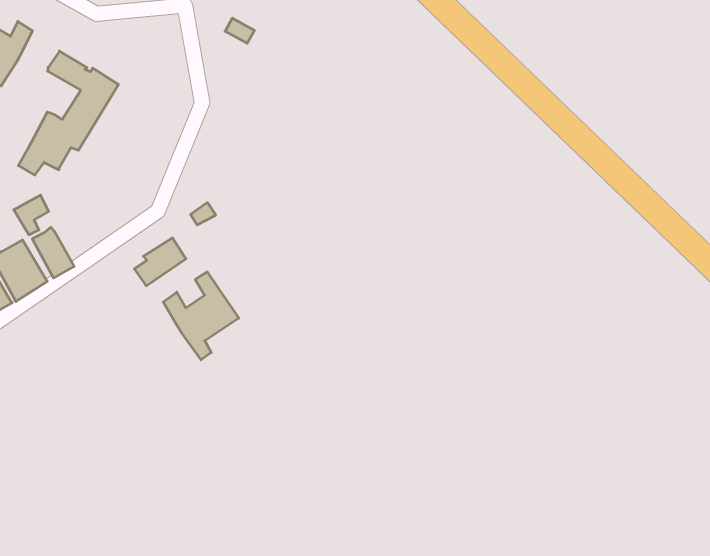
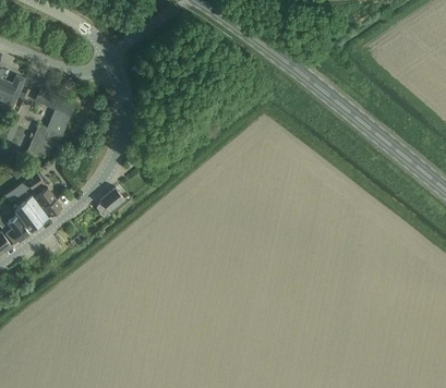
building: [163,272,239,360] -> none

